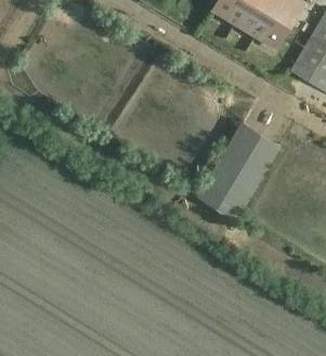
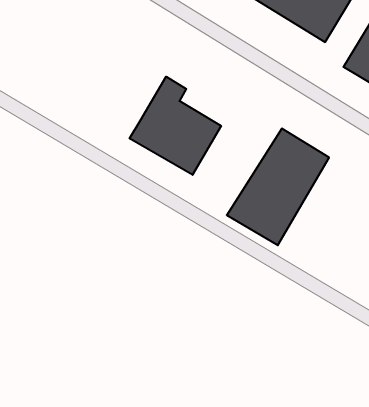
building: none -> [130,77,221,175]

